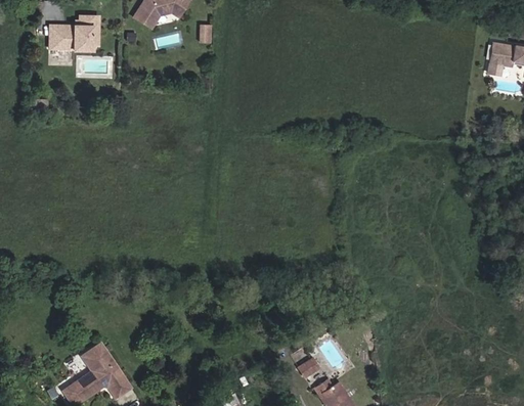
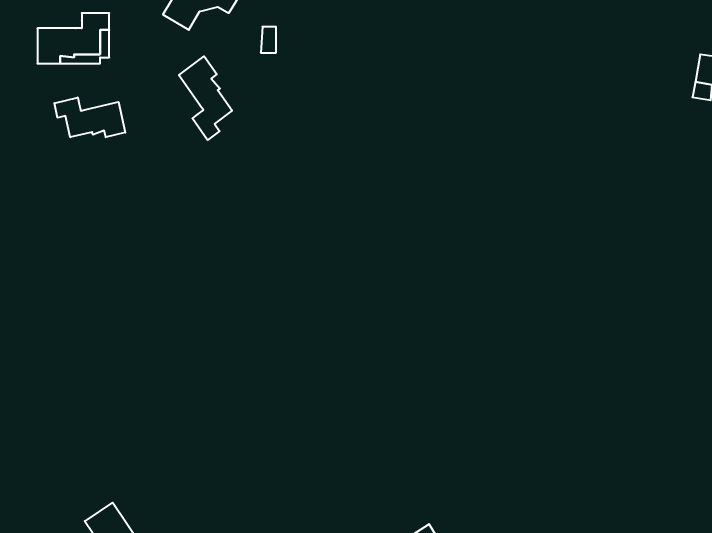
building: none -> [179,56,232,140]
building: none -> [54,97,125,137]

